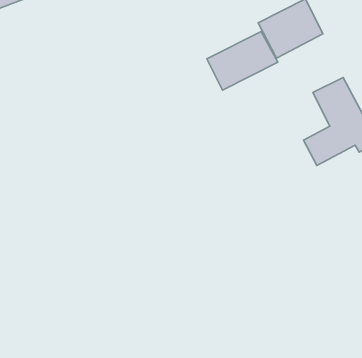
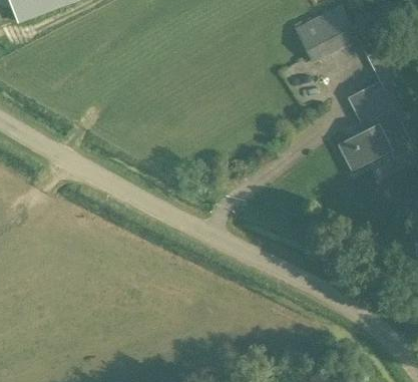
building: [207,32,278,90] -> none

